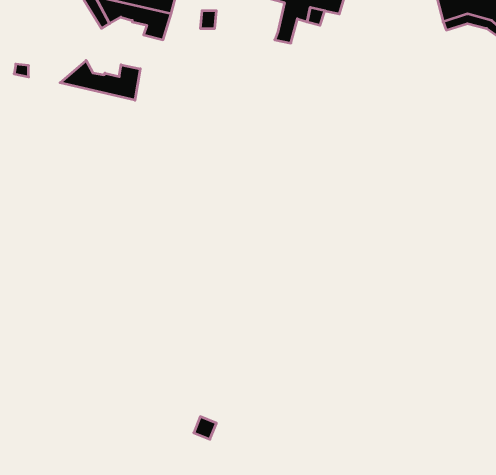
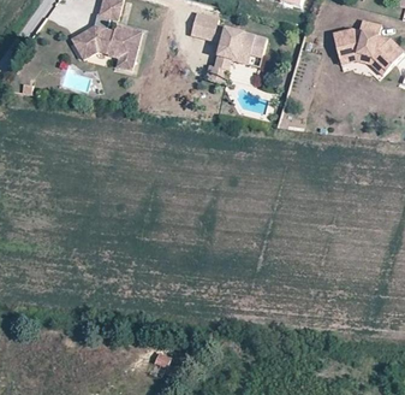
building: [60,60,140,100] -> none

